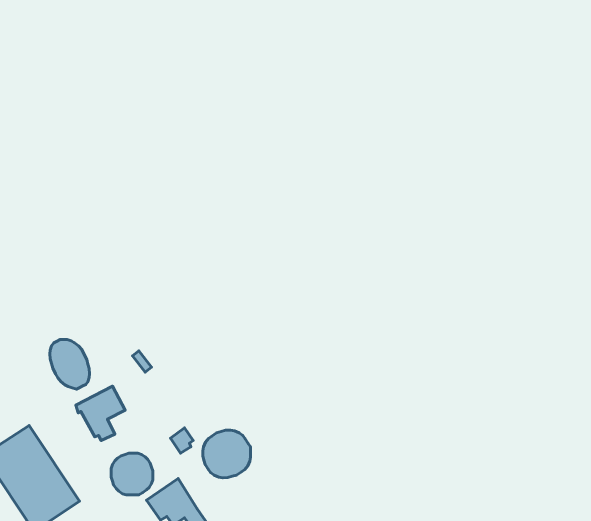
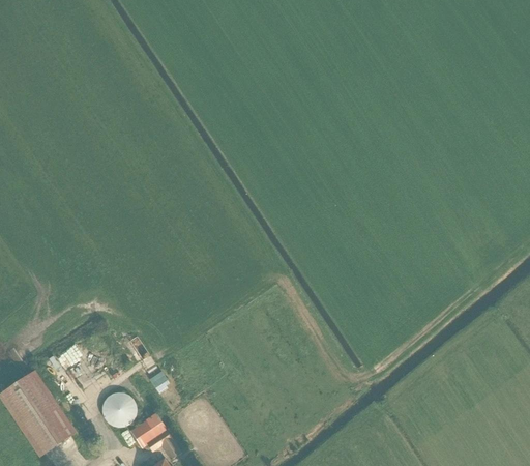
building: [50,340,89,389] -> none
building: [203,430,251,478] -> none

